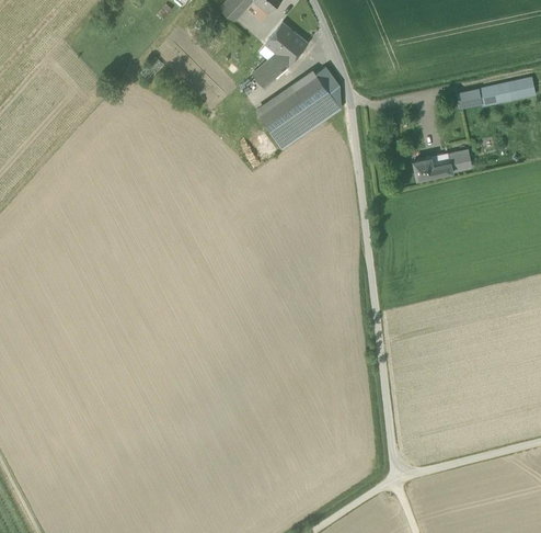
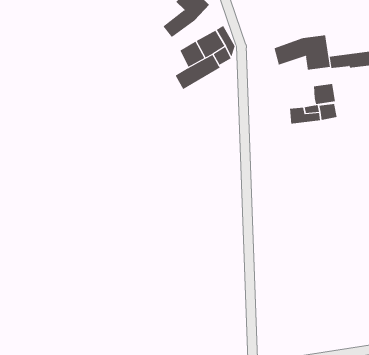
building: none -> [274,35,330,70]
building: [257,101,287,132] -> none
building: none -> [313,83,336,105]

